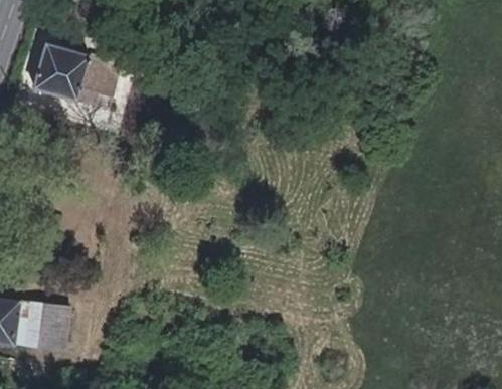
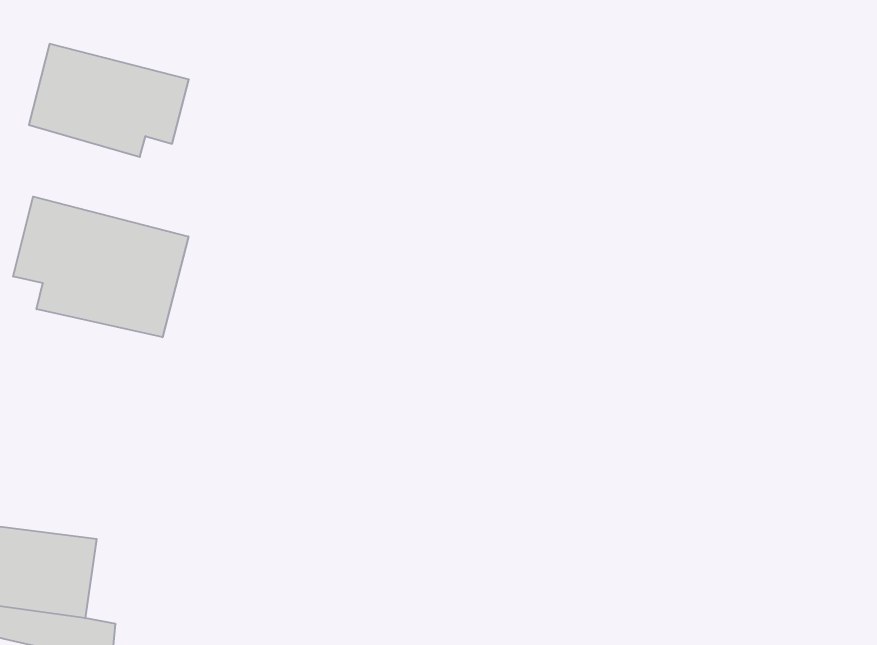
building: none -> [13,197,188,337]

